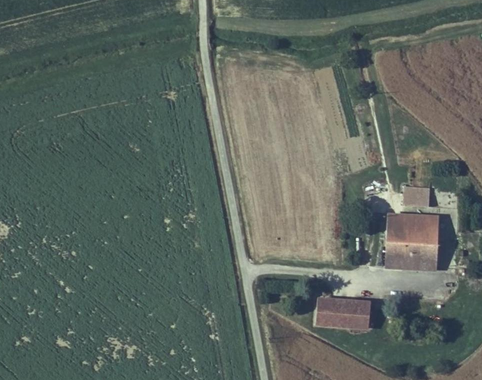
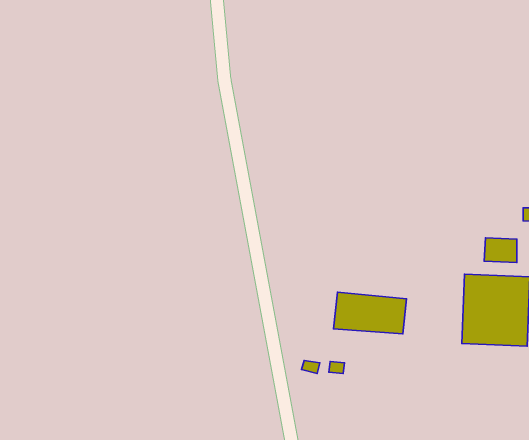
building: [314,297,370,329] -> [334,292,407,334]

